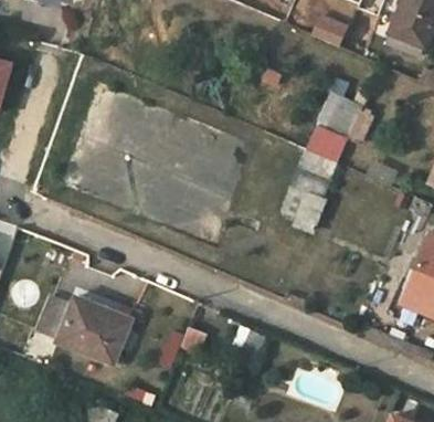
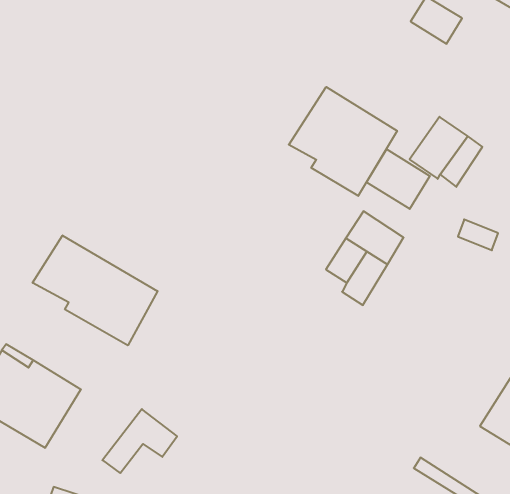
building: none -> [289,87,397,196]
building: none -> [33,235,158,345]

